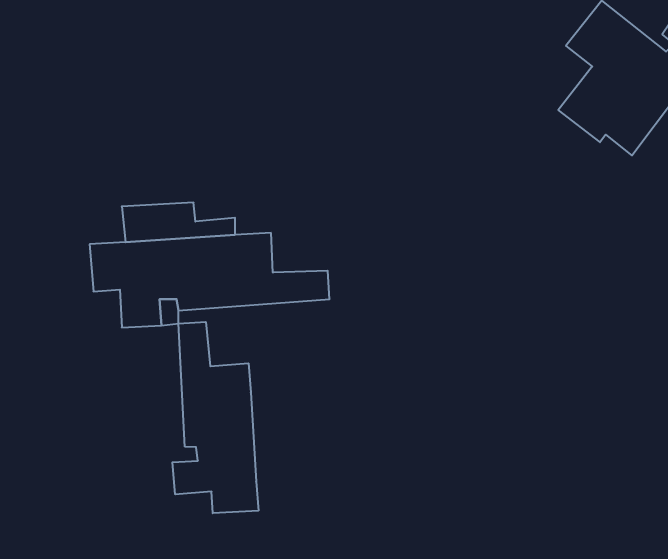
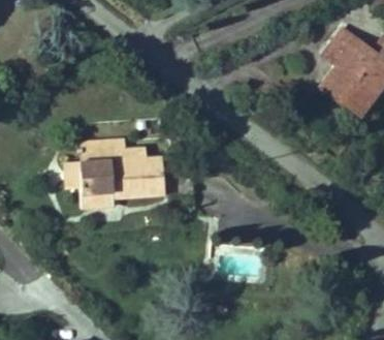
building: [172,322,258,513] -> none

